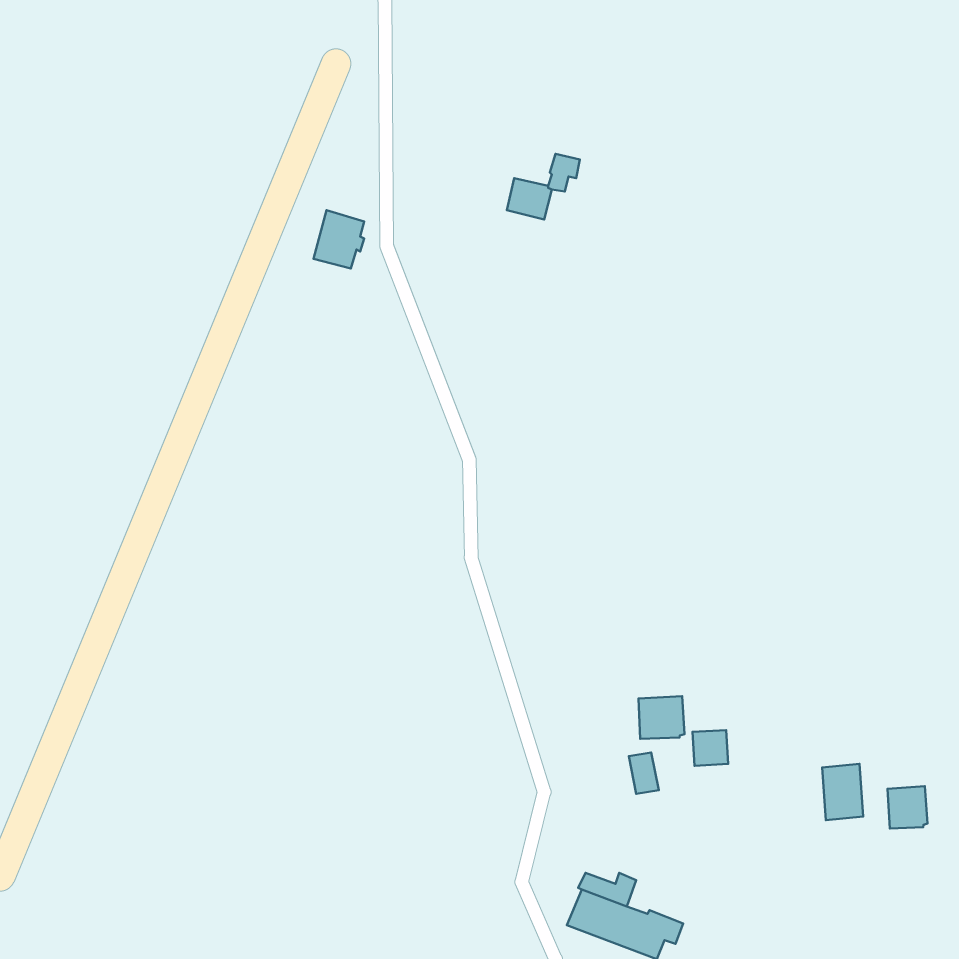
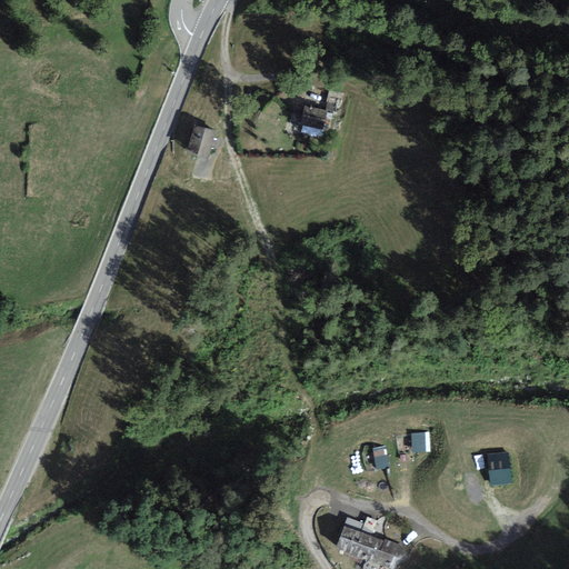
building: [638,696,684,739] -> none
building: [887,786,927,828] -> none

